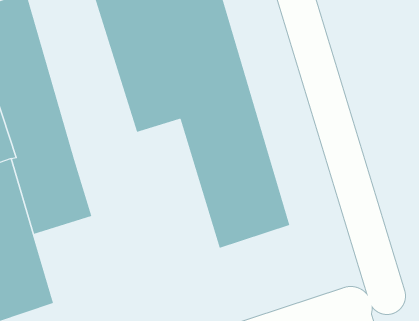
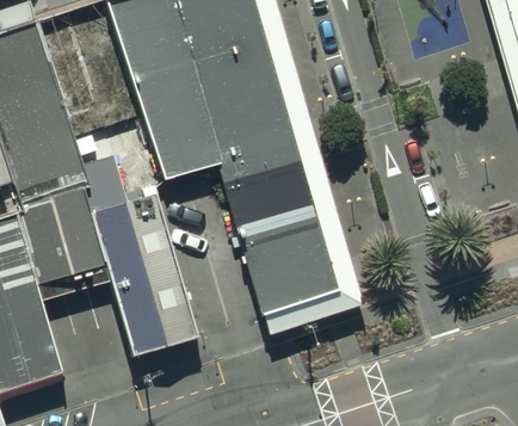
building: none -> [92,192,199,358]

